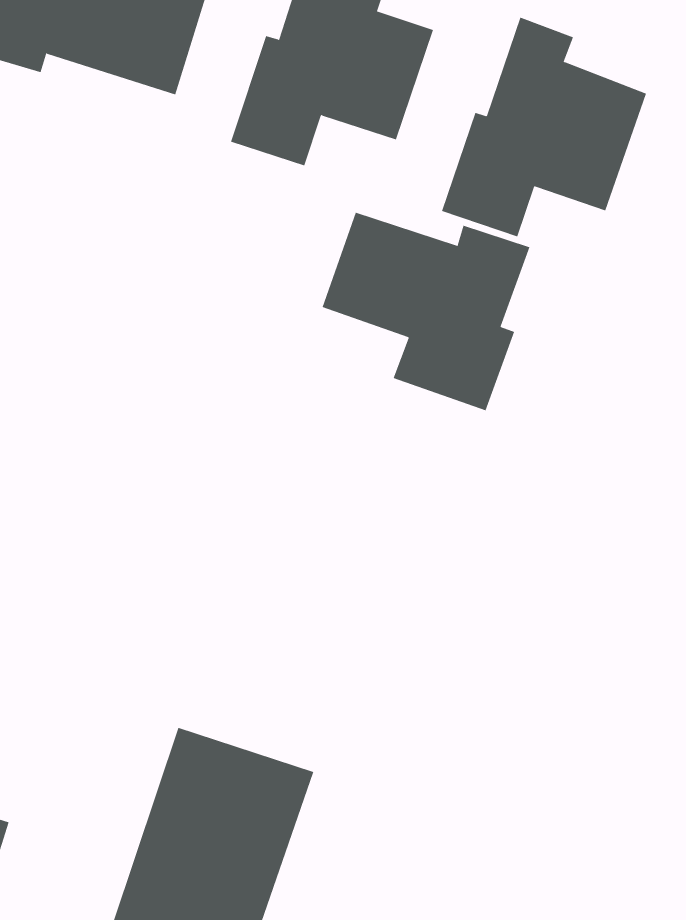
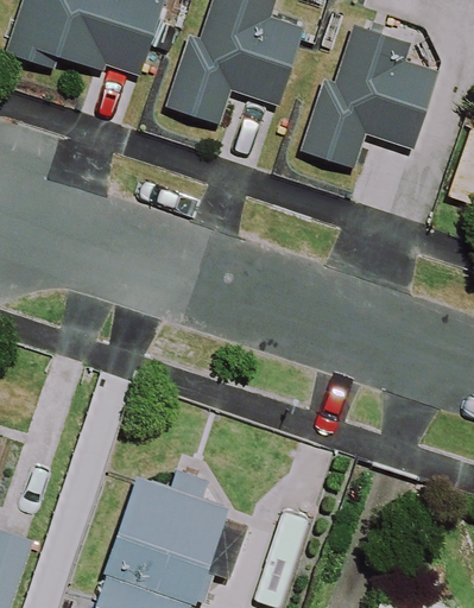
building: [322,212,530,411] -> none

